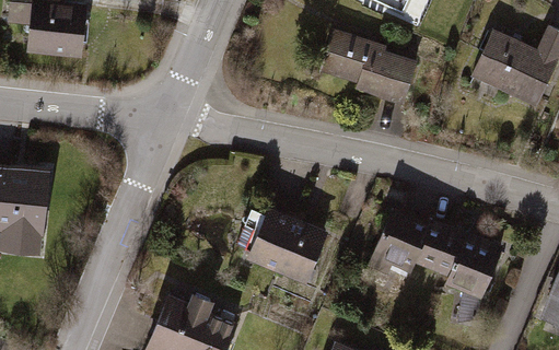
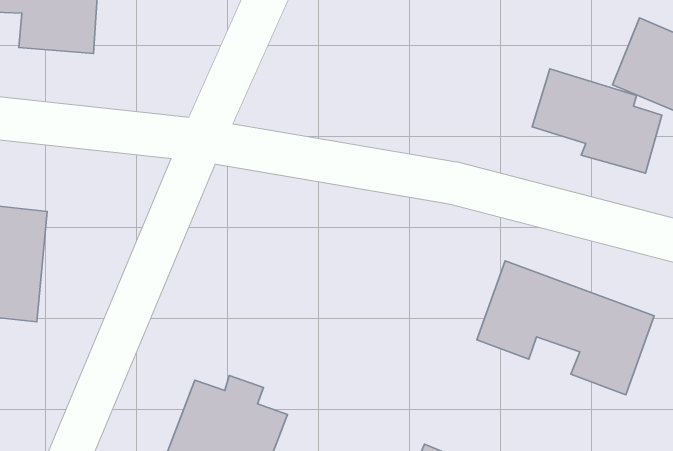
building: [318,27,414,104] -> [532,69,662,173]
building: [235,205,327,283] -> none

